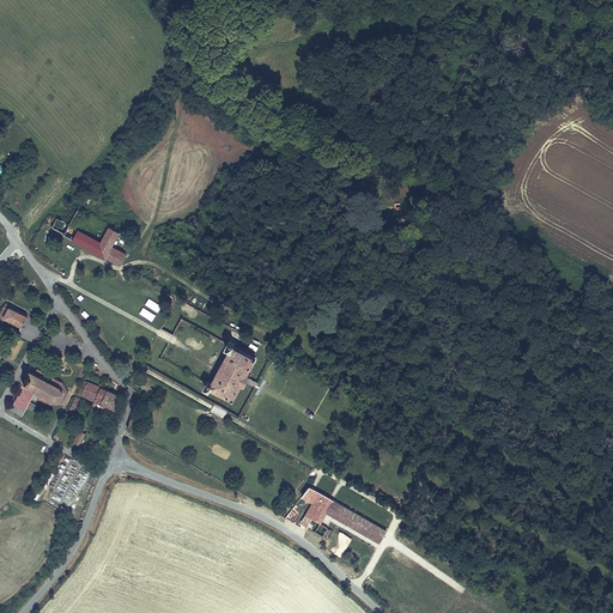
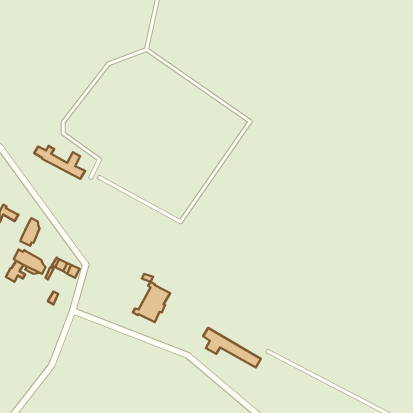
building: none -> [20,218,40,246]
building: [200,341,255,401] -> [133,282,170,322]

